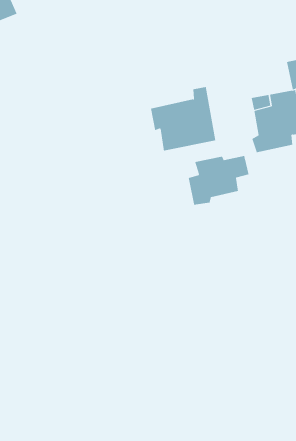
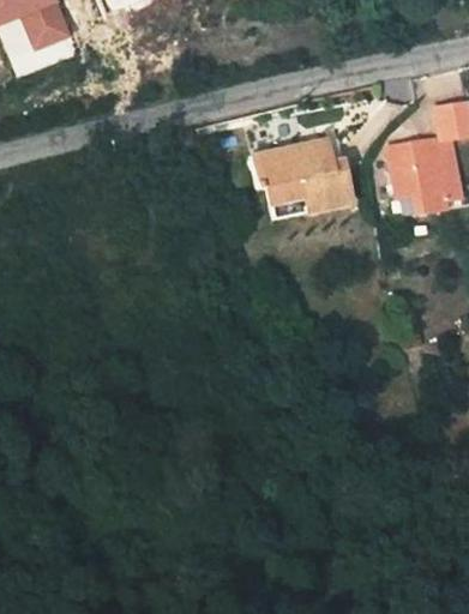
building: [188,155,249,205] -> none

